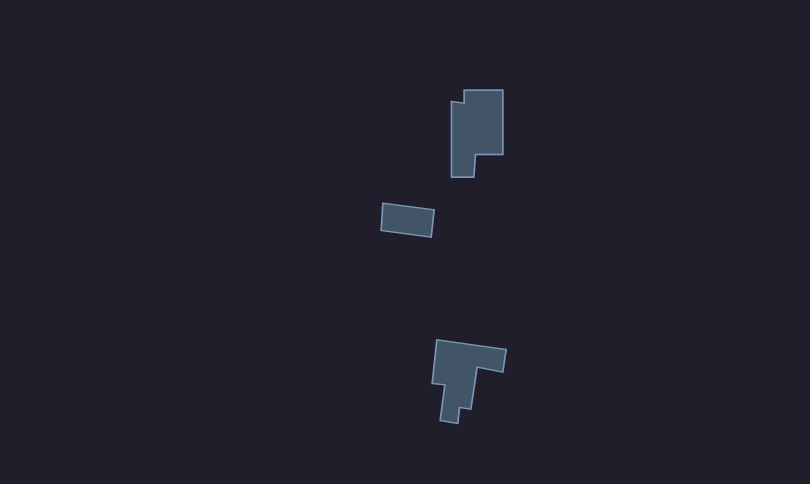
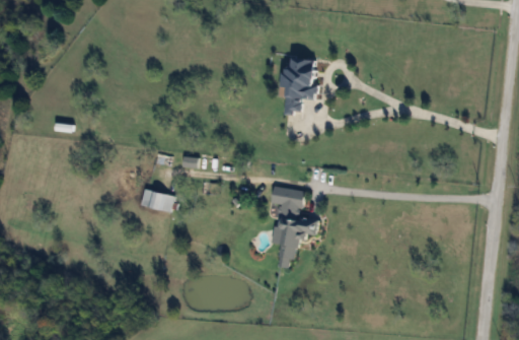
building: [381,203,434,237] -> [271,187,304,208]
building: none -> [139,189,172,212]

